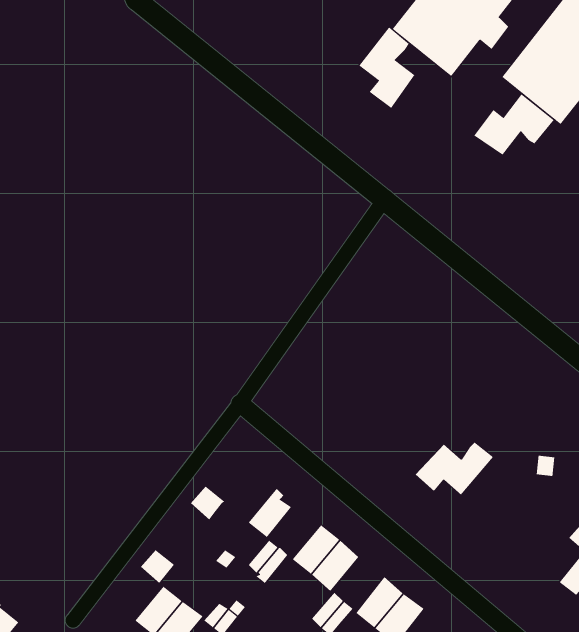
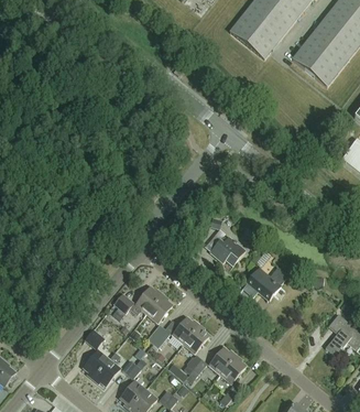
building: [358,27,415,109] -> none
building: [473,94,555,156] -> none
building: none -> [205,230,246,265]
building: none -> [128,286,163,315]

